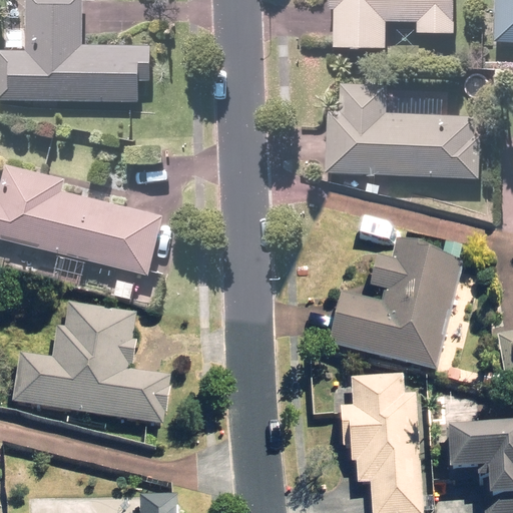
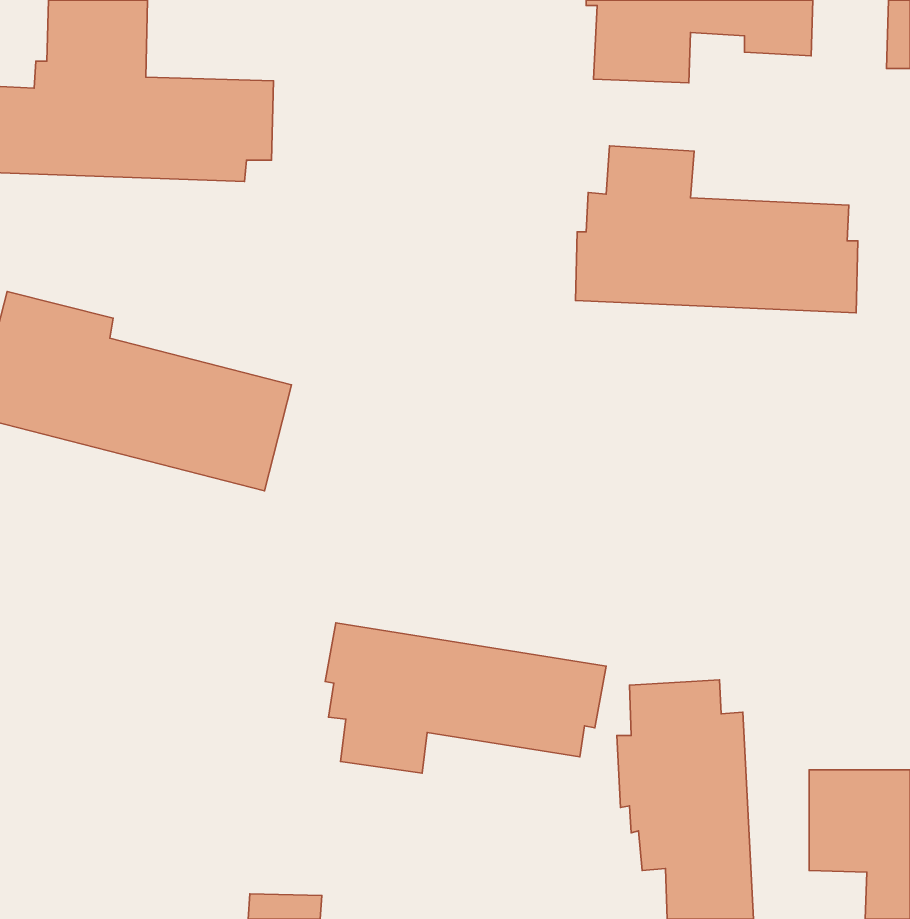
building: [329,242,466,374] -> none
building: [13,306,170,428] -> none
building: none -> [325,623,606,773]

